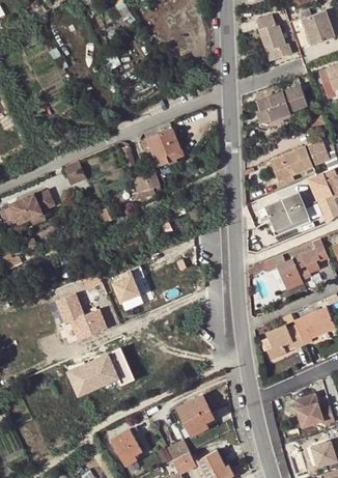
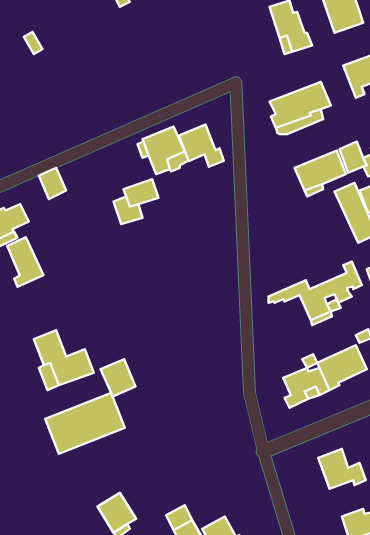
building: none -> [179,125,224,167]
building: [269,190,314,232] -> none
building: none -> [7,237,44,287]
building: [111,272,140,303] -> [100,359,135,397]
building: [177,395,213,435] -> none

